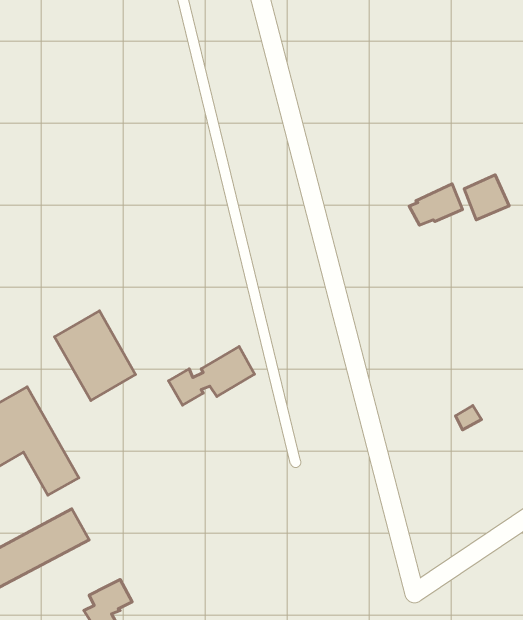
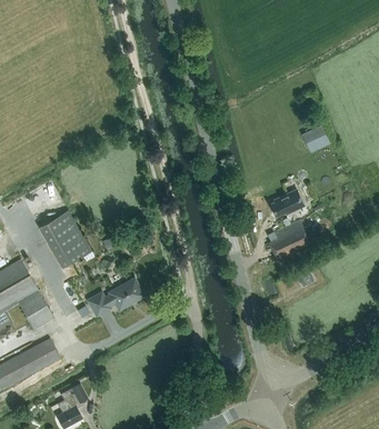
building: [409,184,462,225] -> [269,189,303,216]
building: none -> [267,217,310,260]
building: [169,347,255,405] -> [88,278,143,316]

